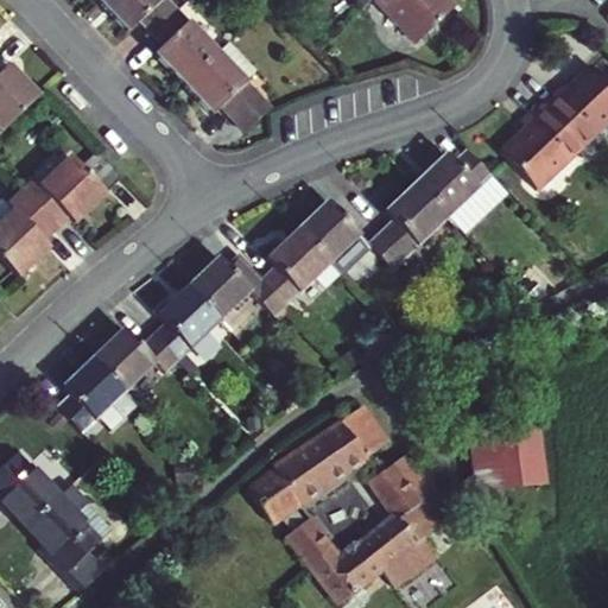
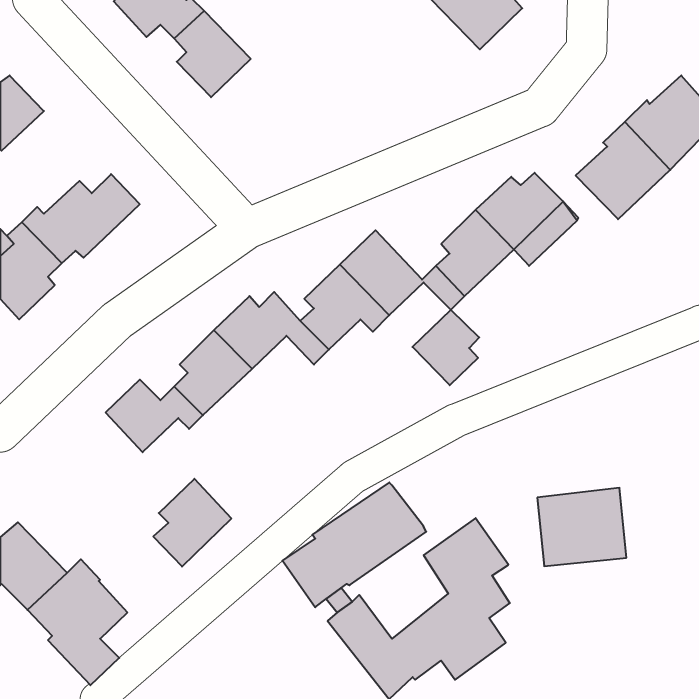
building: [184,42,271,133] -> none
building: none -> [412,310,479,385]
building: [57,357,125,433] -> [153,479,231,567]
building: [341,404,391,456] -> none

